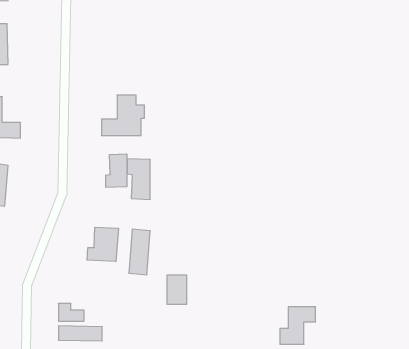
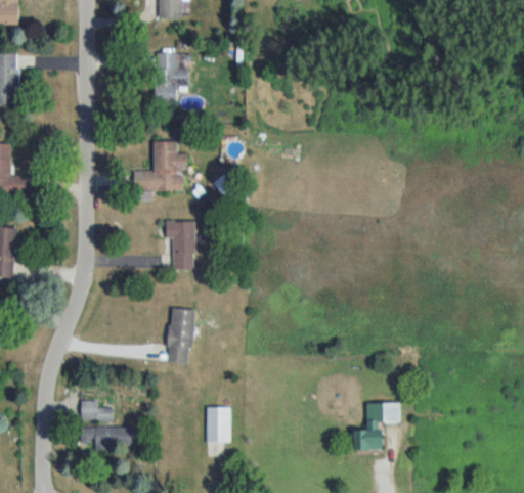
building: none -> [156,53,188,104]
building: [106,154,127,187] -> none
building: [87,227,118,262] -> none
building: [167,275,187,304] -> [206,406,230,442]

